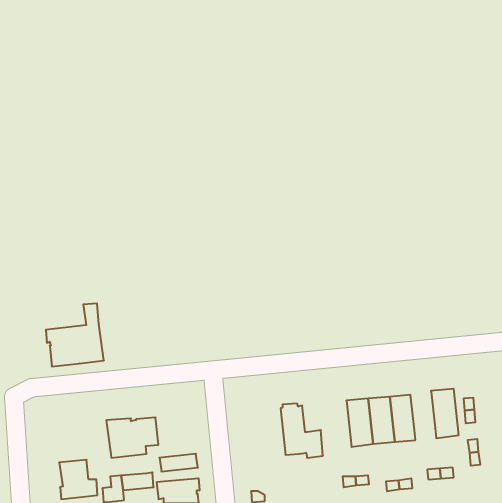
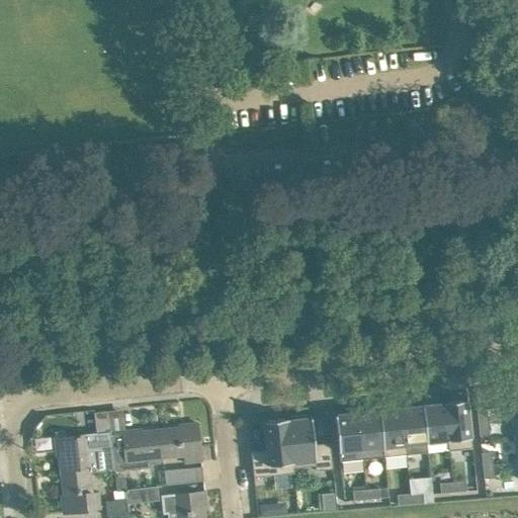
building: [46,303,104,366] -> [56,411,115,476]
building: none -> [423,403,448,442]
building: none -> [336,412,362,461]
building: none -> [252,418,294,477]
building: none -> [161,423,201,462]

